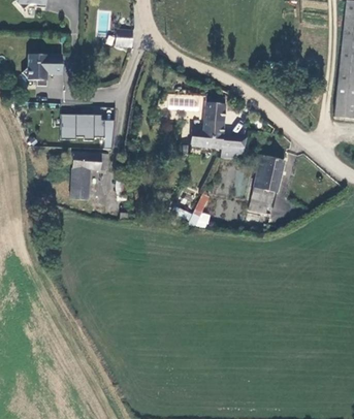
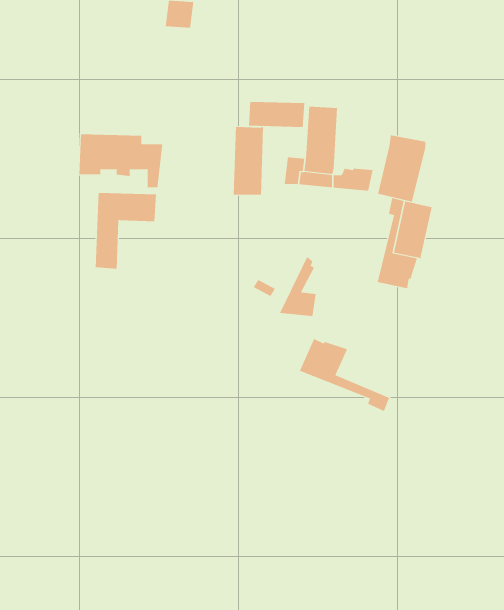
building: [23,54,63,86] -> none
building: none -> [233,126,263,195]
building: none -> [378,134,426,202]
building: none -> [299,338,390,412]

